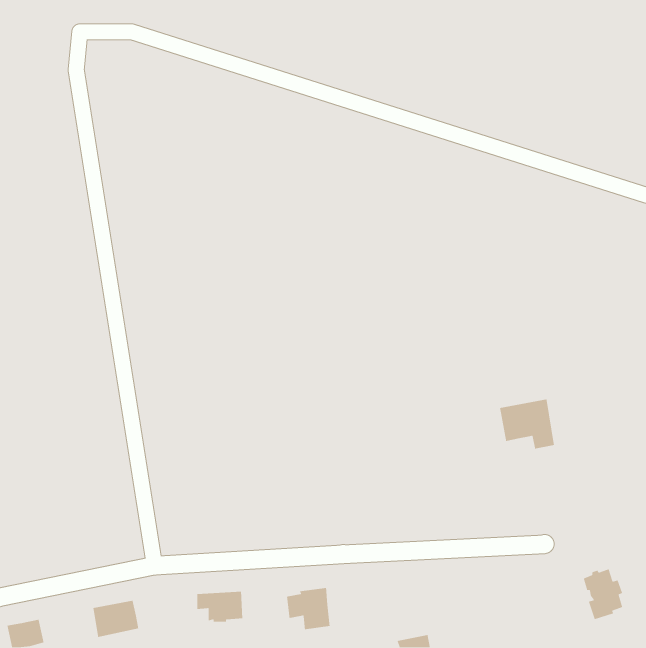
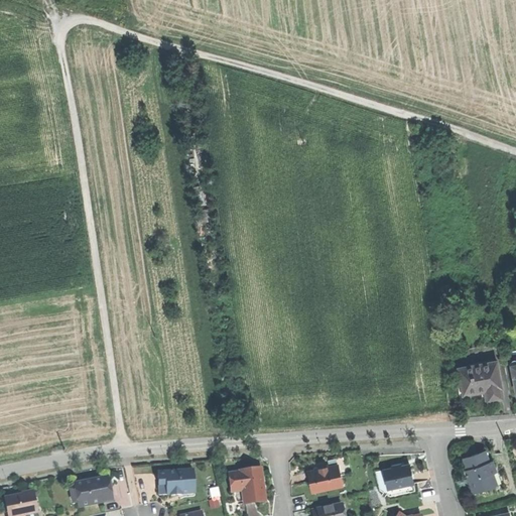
building: [499,399,555,449] -> [458,360,502,400]
building: none -> [382,464,413,489]
building: none -> [307,465,342,492]

